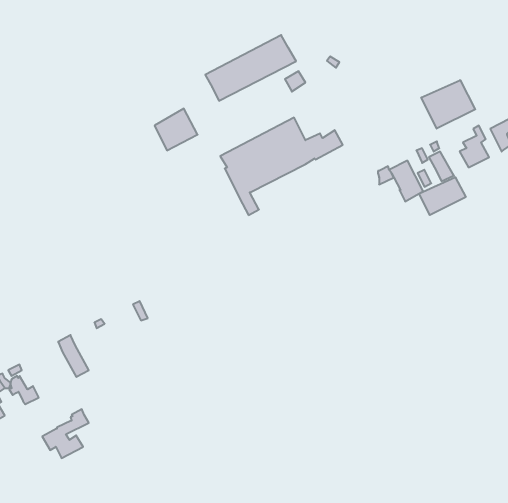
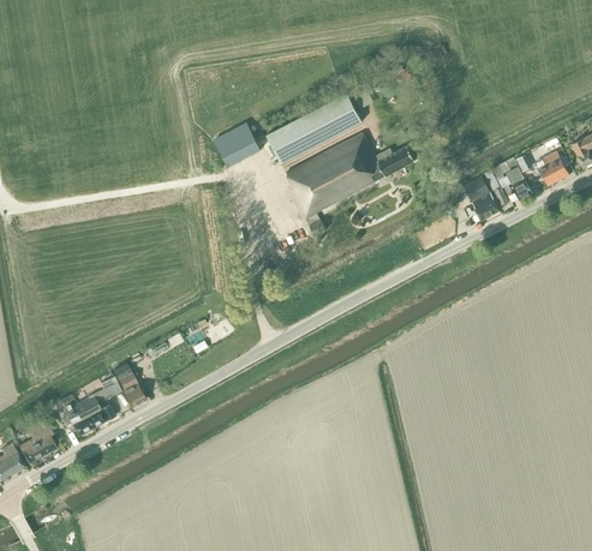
building: [205,35,296,101] -> [267,94,363,163]
building: [421,80,475,129] -> none
building: [419,177,466,215] -> none
building: [42,409,89,458] -> [72,377,121,429]

